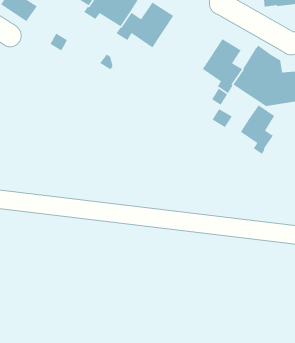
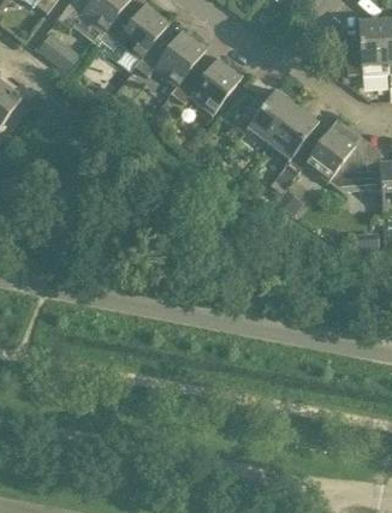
building: none -> [231,89,295,142]
building: [240,103,276,155] -> none

